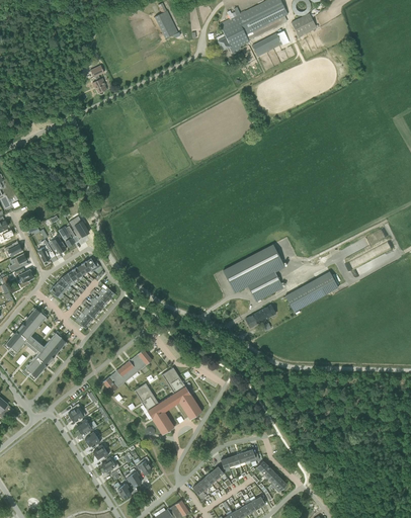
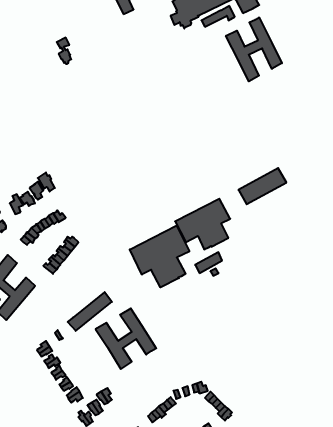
building: none -> [226,17,282,81]
building: [284,271,338,312] -> [238,168,286,204]
building: none -> [130,226,189,287]

